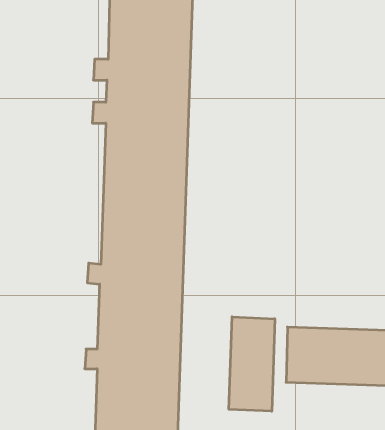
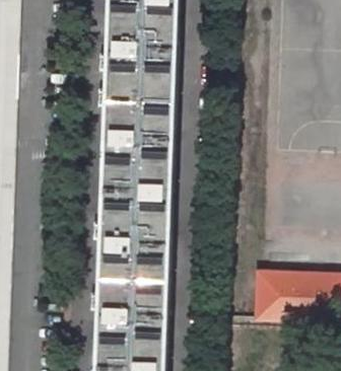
building: [229,317,275,411] -> none

